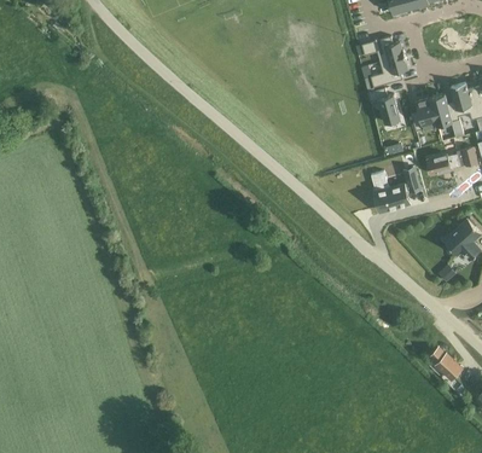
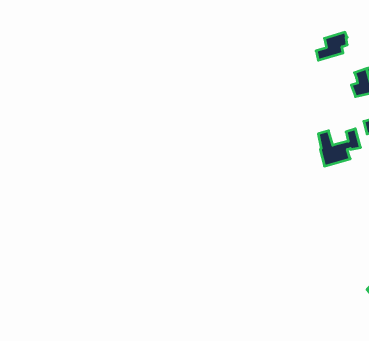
building: [362,39,405,63] -> none
building: [368,88,400,123] -> none

